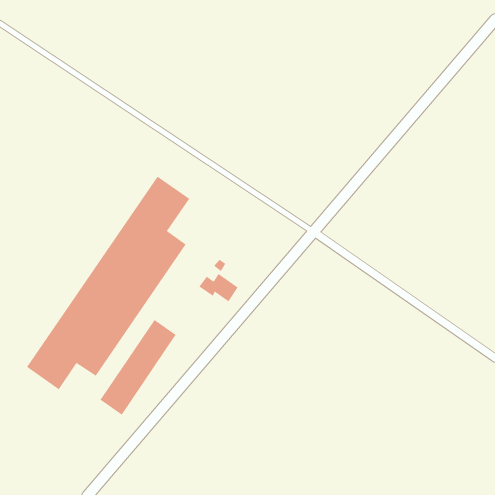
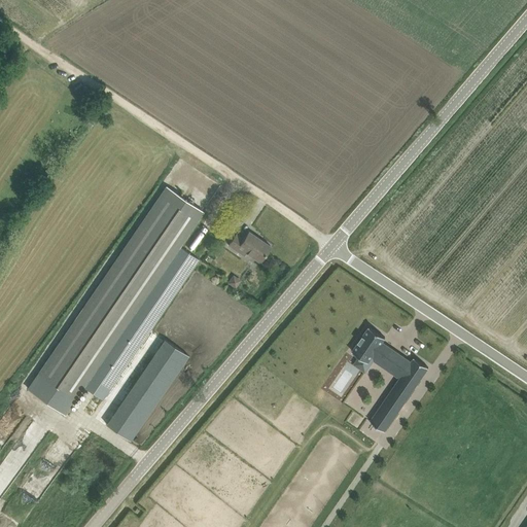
building: [199,273,238,302] -> [227,232,270,262]
building: none -> [351,327,428,431]

